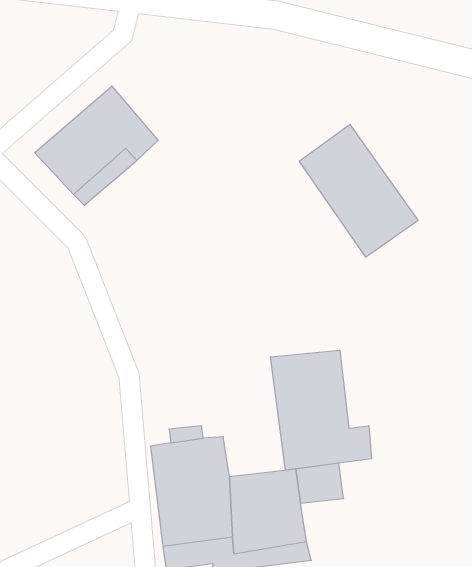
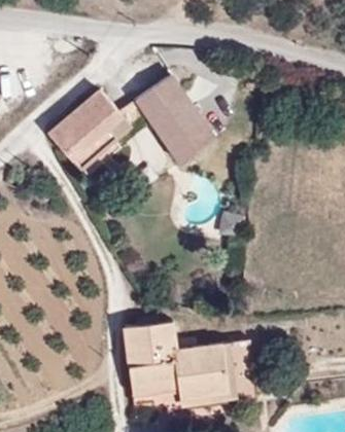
building: [299,124,418,257] -> [134,74,213,163]
building: [271,350,372,470] -> none
building: none -> [222,363,256,404]

